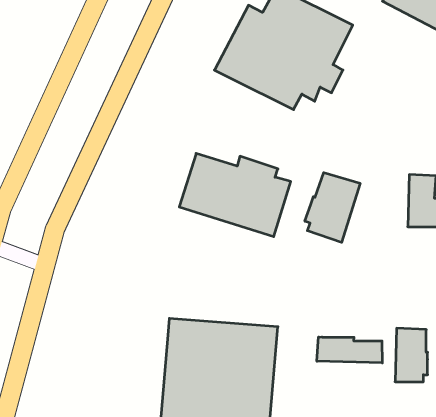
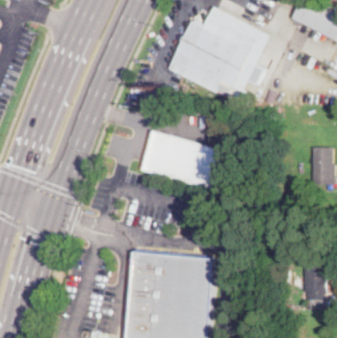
building: [305,173,360,242] -> none
building: [317,337,382,363] -> none

